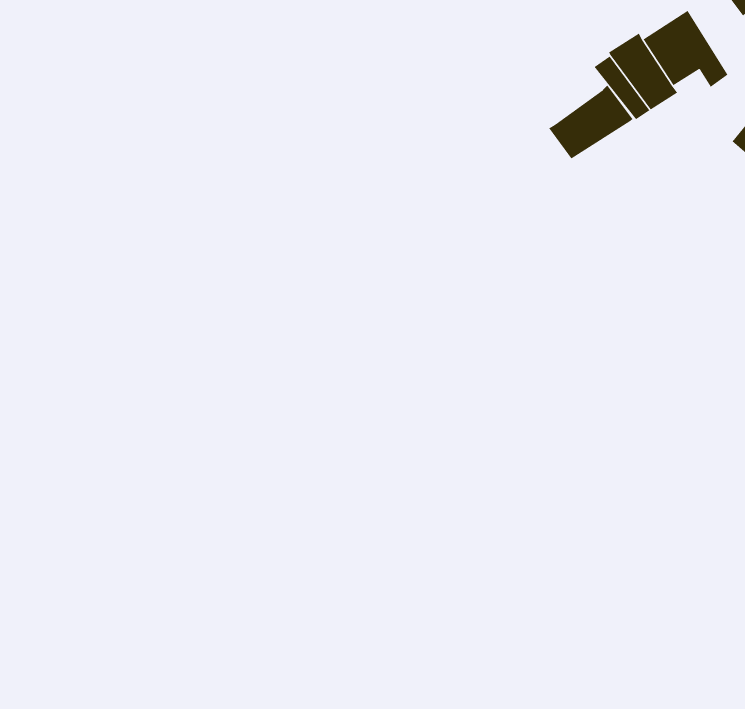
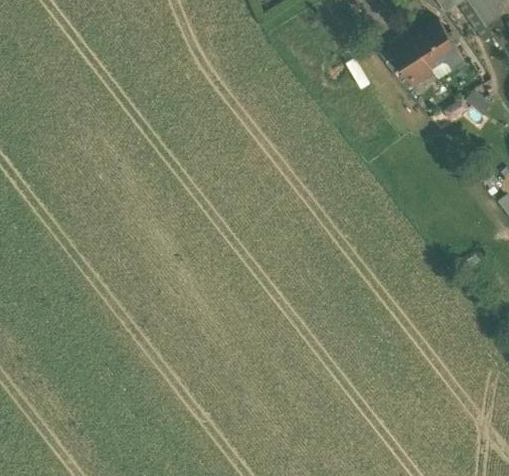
building: [548,84,634,160] -> none

